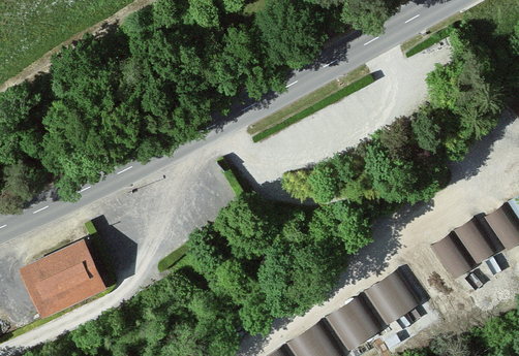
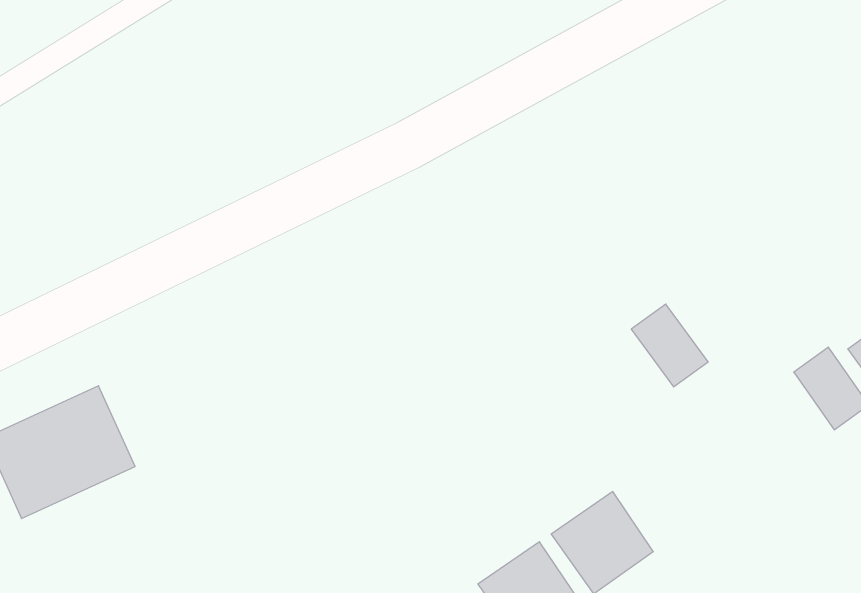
building: [431,235,472,280] -> [631,304,708,387]
building: [365,273,420,328] -> none

